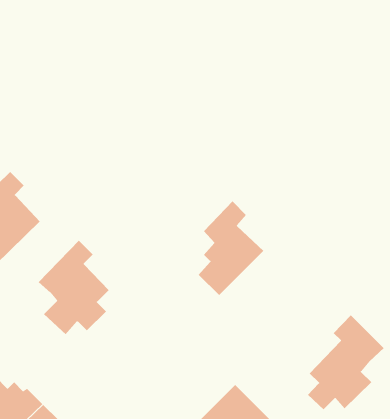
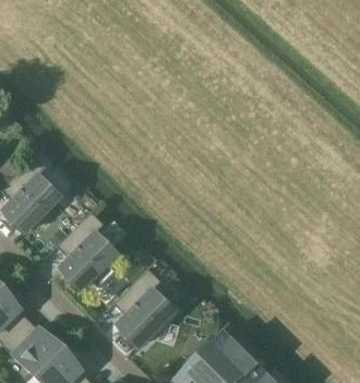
building: [198,201,264,296] -> [120,267,175,346]
building: [307,315,384,410] -> none

